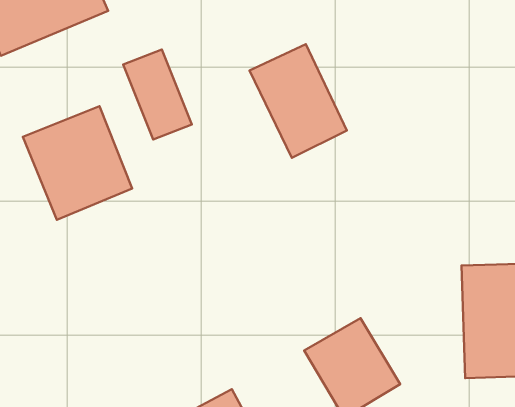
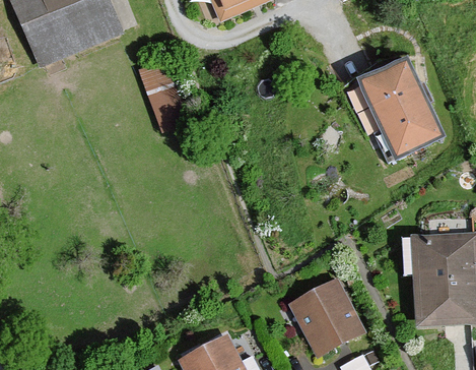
building: [249,44,347,158] -> [360,63,439,156]
building: [23,106,132,220] -> none

